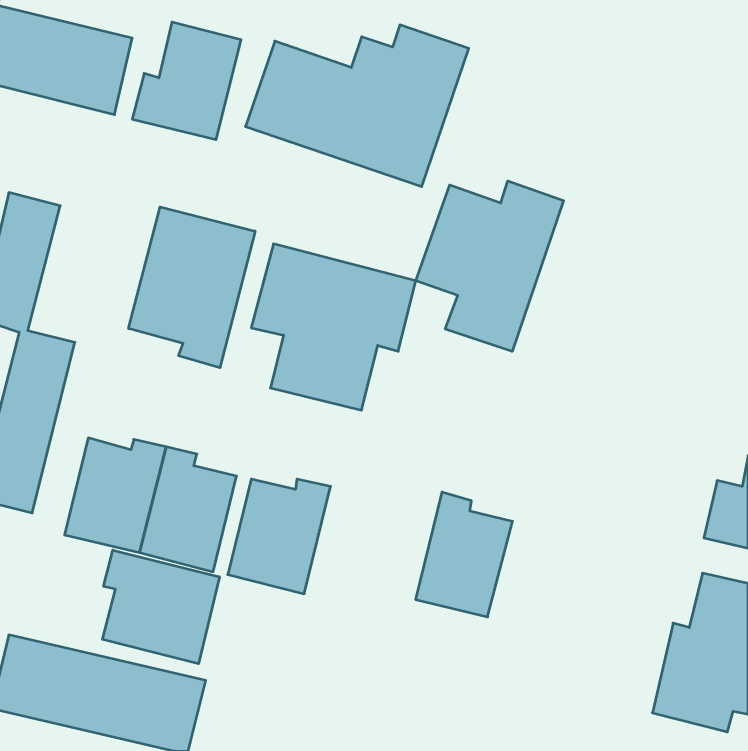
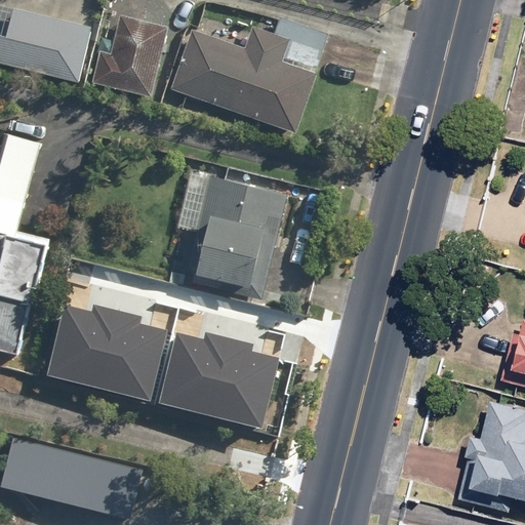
building: [416,181,564,351] -> none
building: [129,207,255,368] -> none
building: [416,492,513,617] -> [212,339,280,427]
building: [102,550,219,664] -> none

